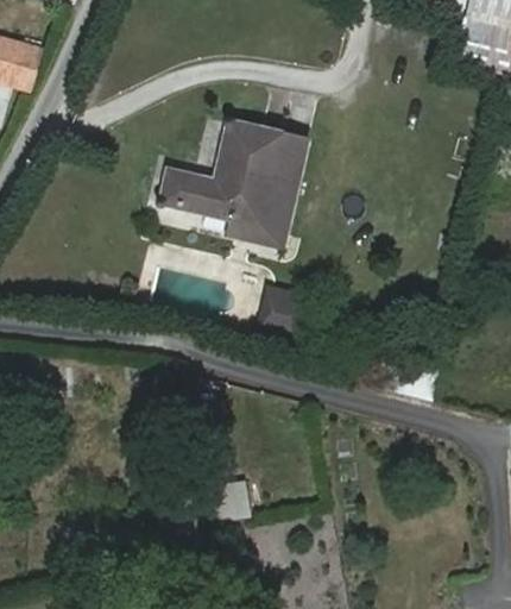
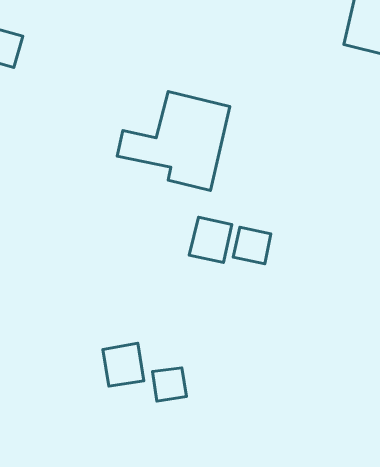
building: none -> [233,227,271,264]
building: none -> [103,343,144,386]

